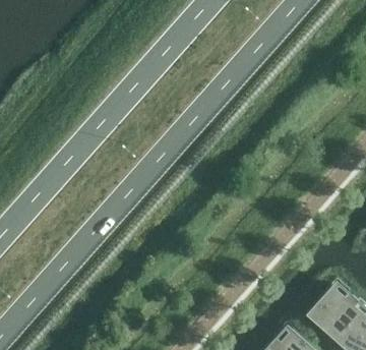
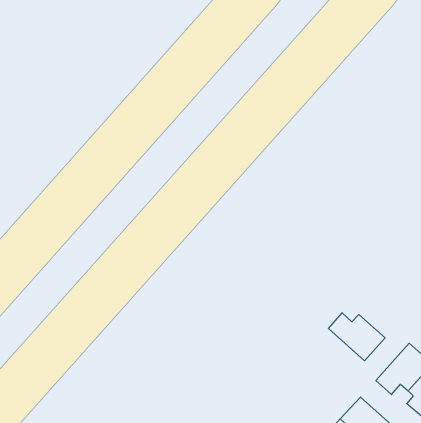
building: none -> [328,313,385,361]

